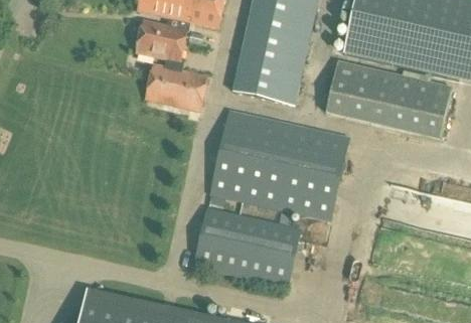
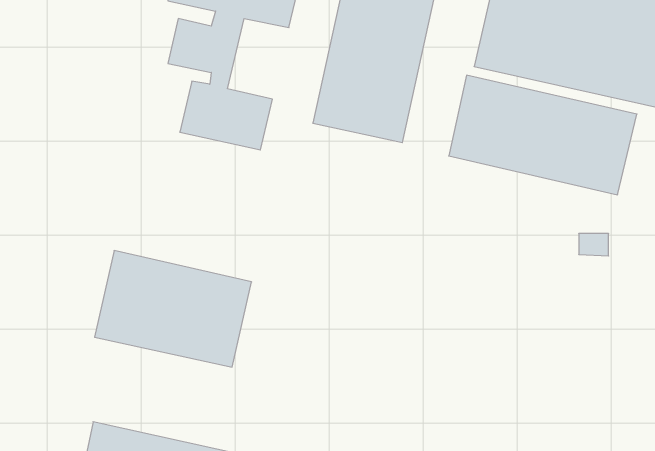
building: [210,109,348,218] -> none
building: [195,205,301,284] -> [95,251,252,367]

